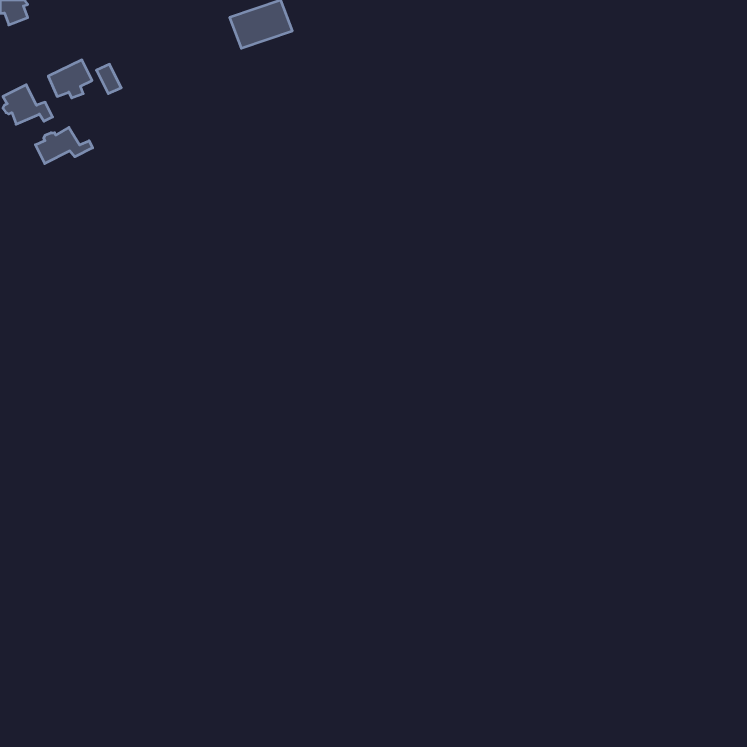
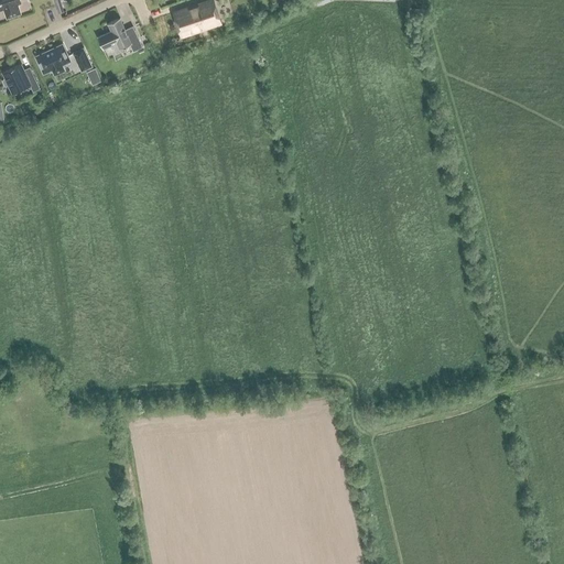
building: none -> [97,18,142,52]
building: [35,127,93,164] -> none

